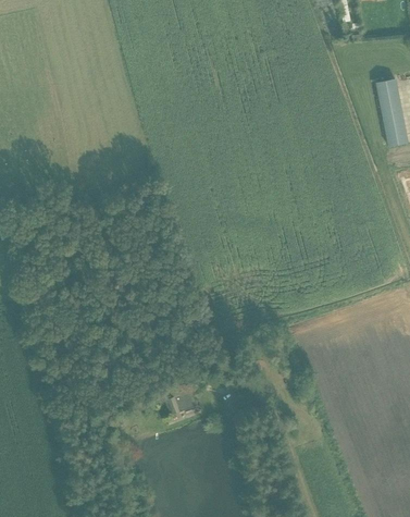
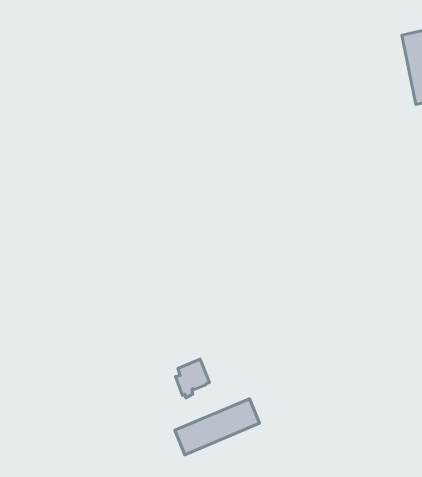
building: none -> [175,399,259,455]

